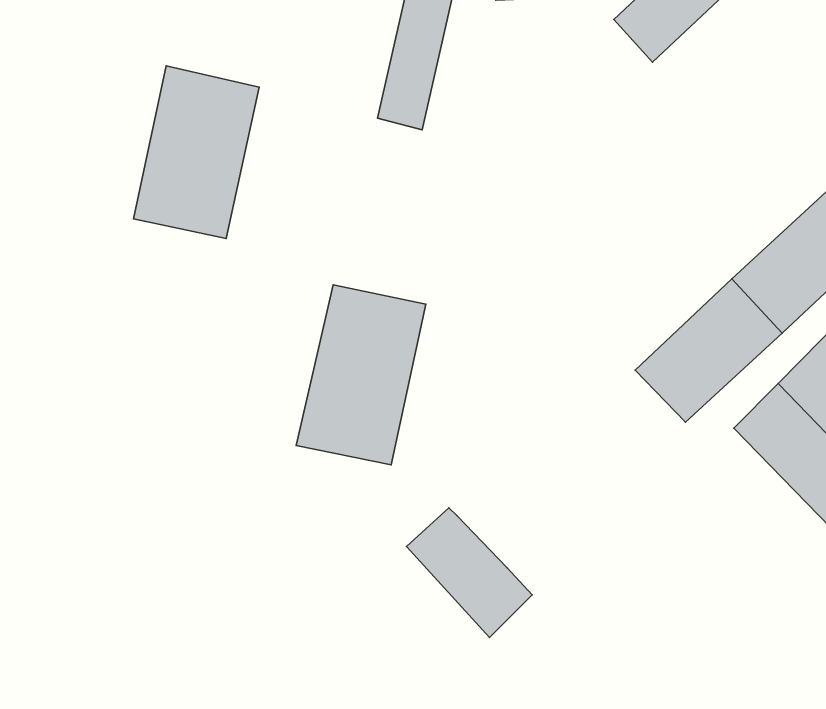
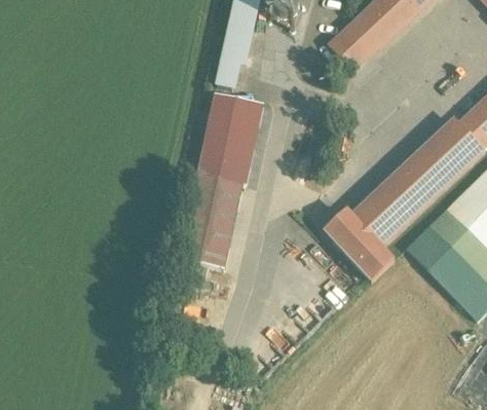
building: none -> [328,30,364,71]
building: [133,66,259,238] -> [194,89,261,181]
building: [406,508,532,638] -> [328,212,395,281]

